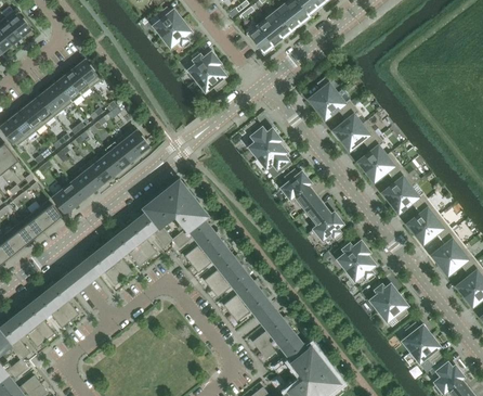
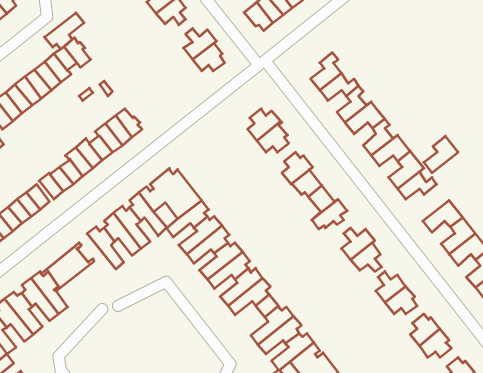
building: none -> [44,13,84,49]
building: [407,199,440,233] -> [424,136,458,173]
building: [88,245,125,285] -> none

